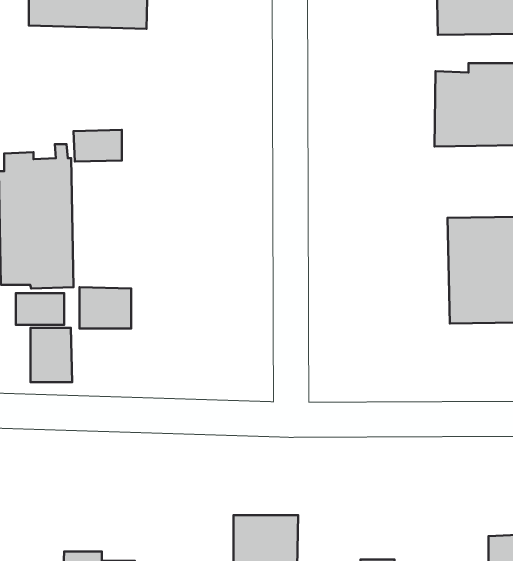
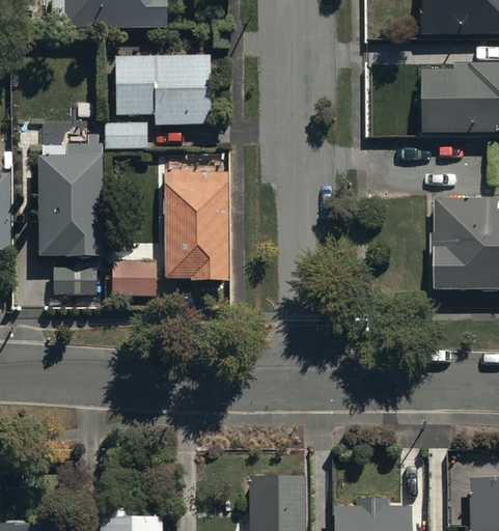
building: none -> [116,56,210,124]
building: none -> [164,171,227,282]
building: [30,328,72,382] -> none

